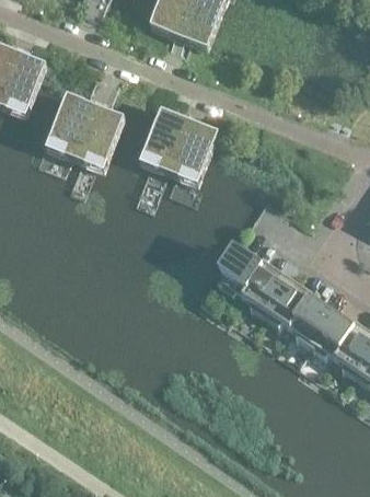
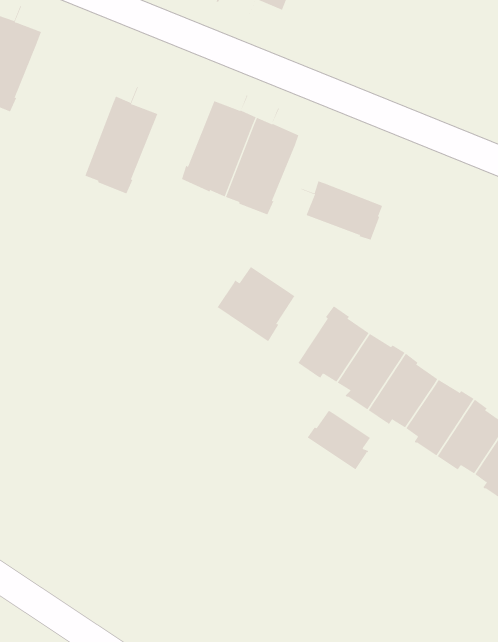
building: [44,90,94,158] -> none
building: none -> [301,180,383,241]
building: none -> [217,266,295,342]
building: none -> [307,410,371,470]

